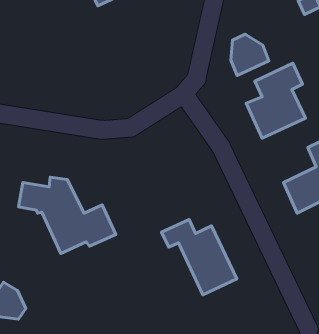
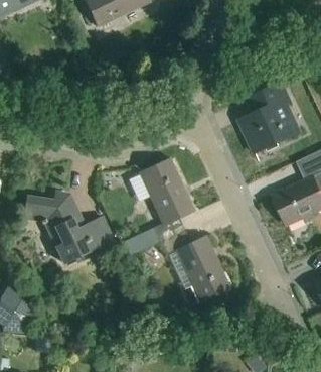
building: [231,34,269,76] -> none
building: none -> [123,158,195,257]

